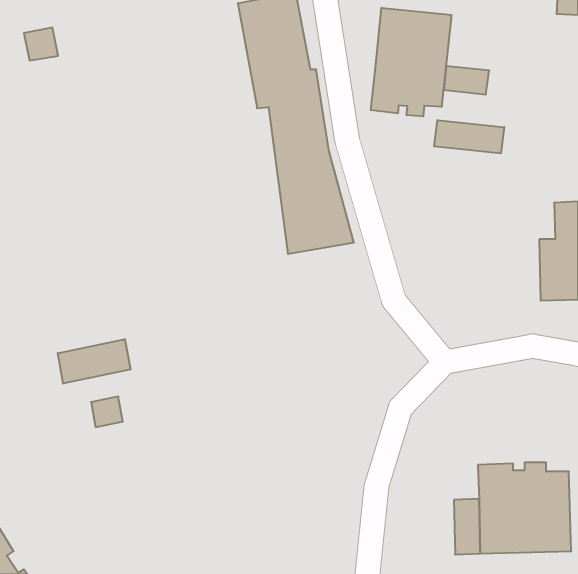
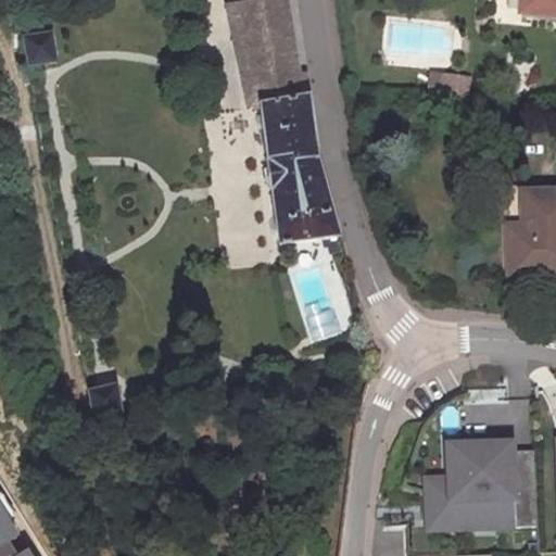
building: [371,8,451,116] -> none
building: [434,120,504,153] -> none
building: [58,339,130,384] -> none

